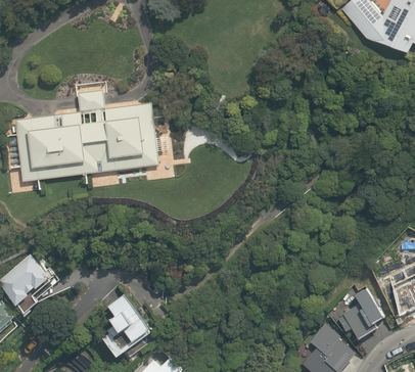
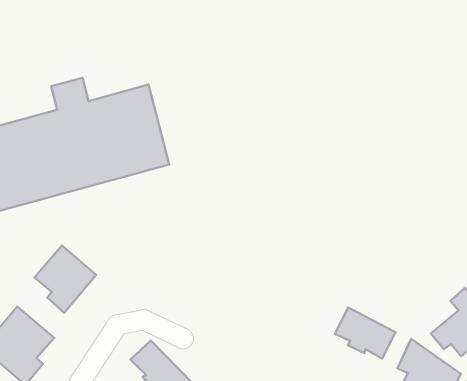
building: none -> [35,245,96,313]
building: none -> [335,308,395,358]

